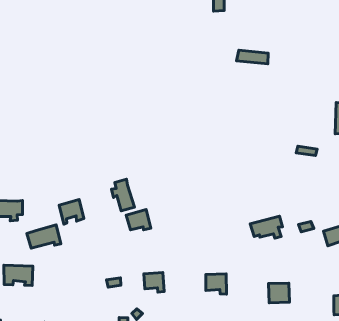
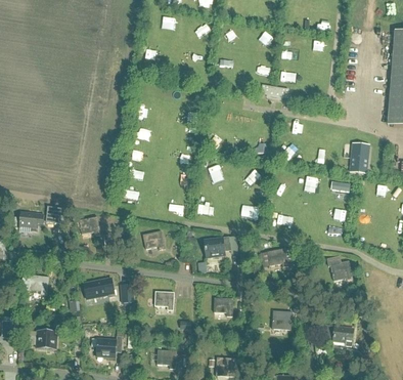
building: [112,179,134,211] -> none
building: none -> [204,236,237,256]
building: [27,225,61,248] -> [83,278,115,298]

